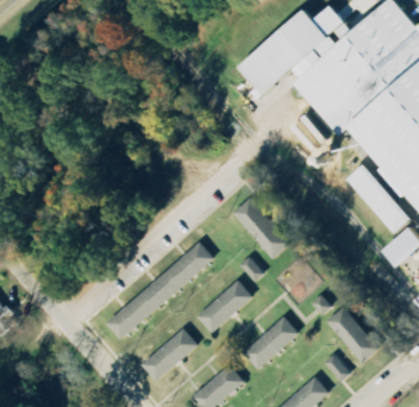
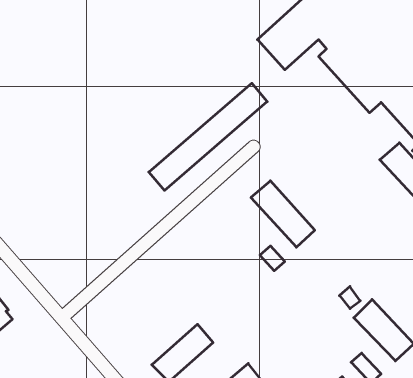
building: [105,243,213,340] -> [149,83,267,190]
building: [196,281,252,334] -> none
building: [242,317,298,370] -> none

